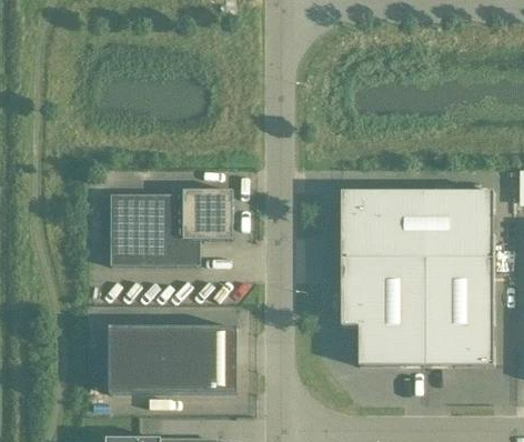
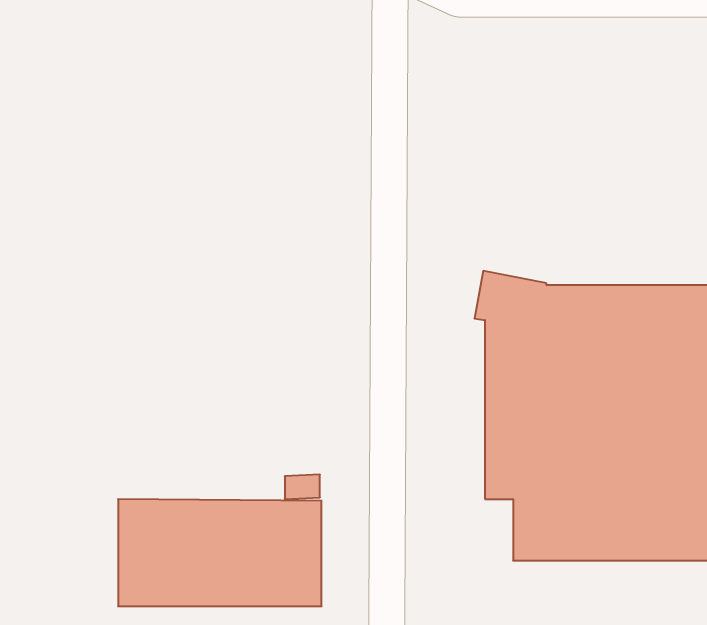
building: [109,190,232,267] -> none

